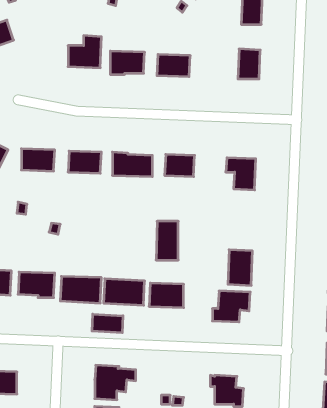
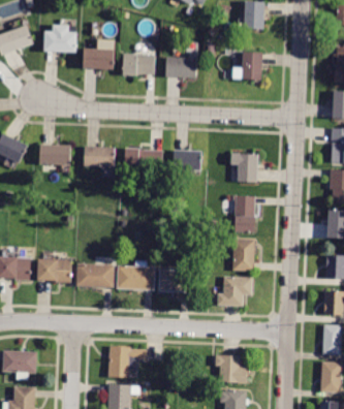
building: none -> [43,25,76,53]
building: [156,221,178,260] -> [234,196,255,232]
building: [92,314,123,333] -> none

